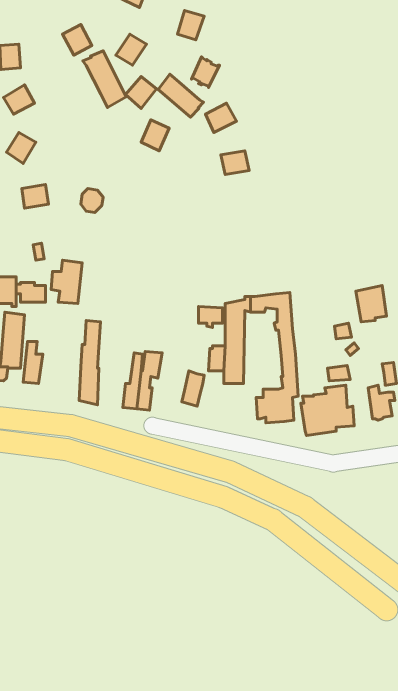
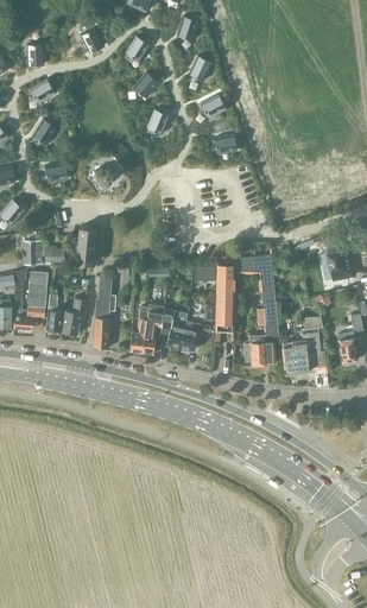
building: [83,51,126,107] -> none
building: [158,74,204,117] -> none
building: none -> [62,298,88,334]
building: none -> [162,308,188,347]

